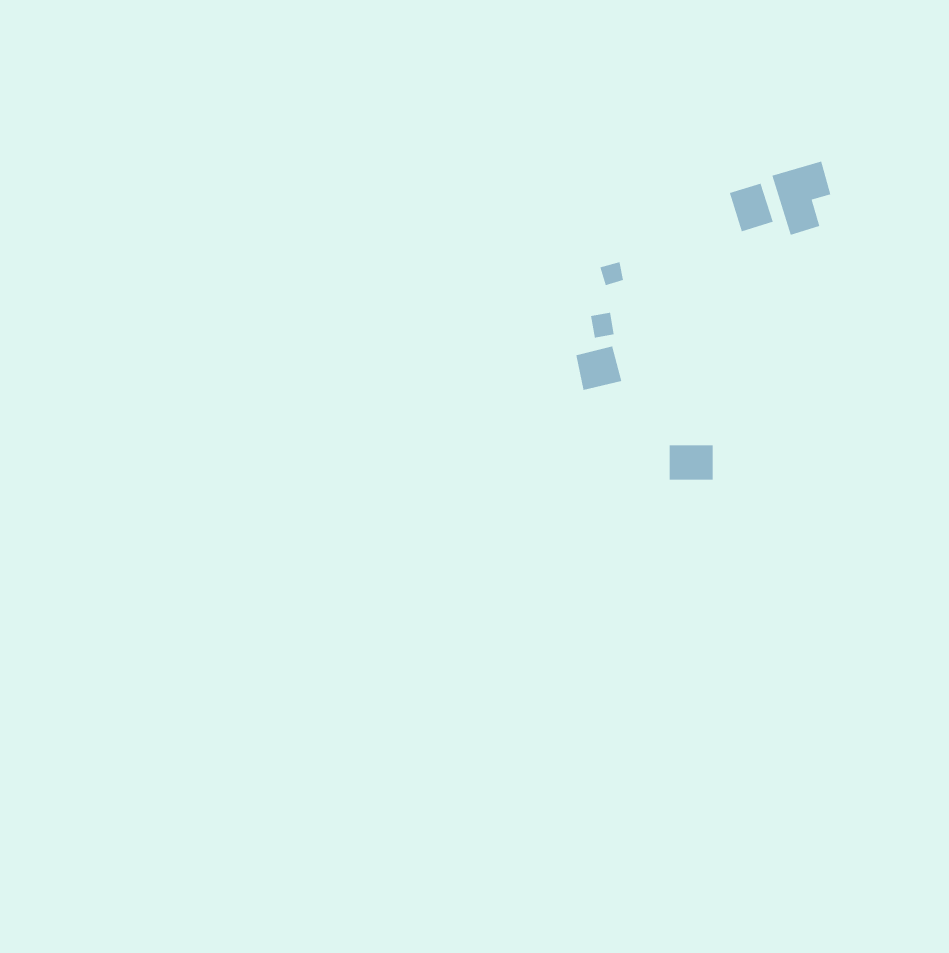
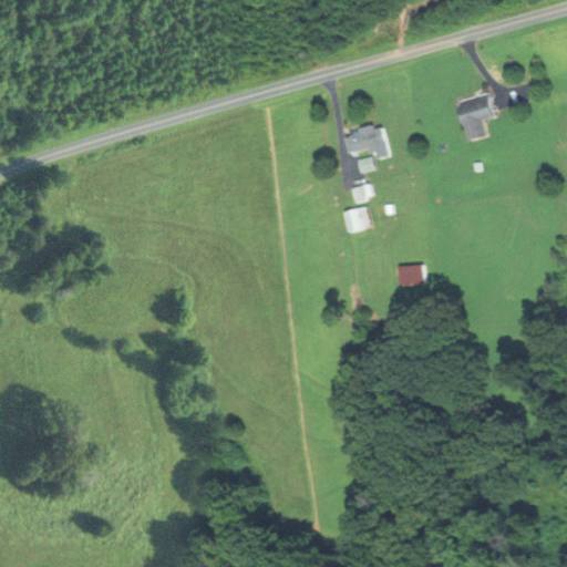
building: [729,183,773,232] -> none
building: none -> [343,125,386,158]

